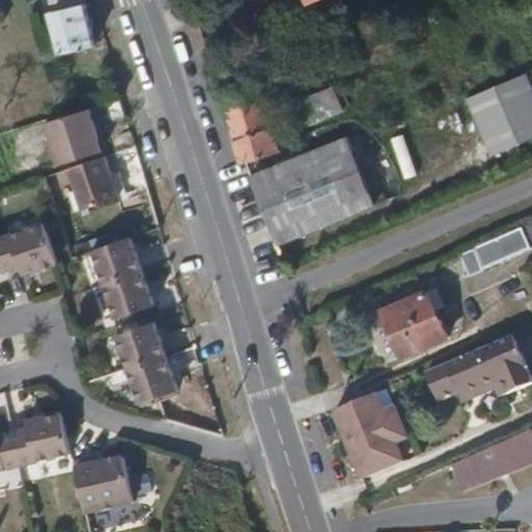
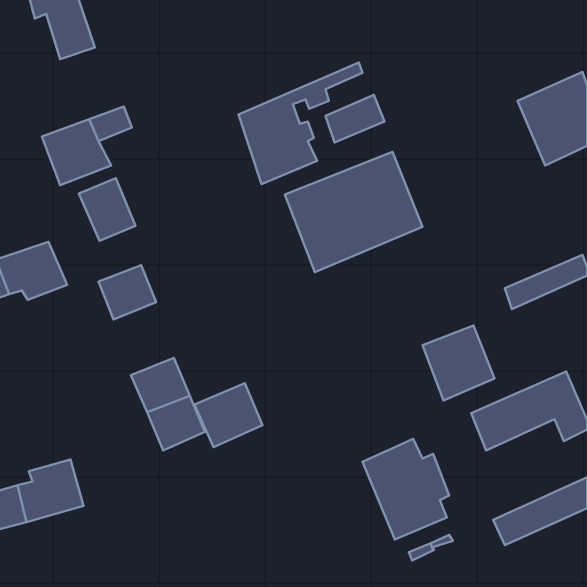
building: [102,271,154,321] -> none
building: none -> [195,383,263,447]
building: [75,460,136,518] -> none

